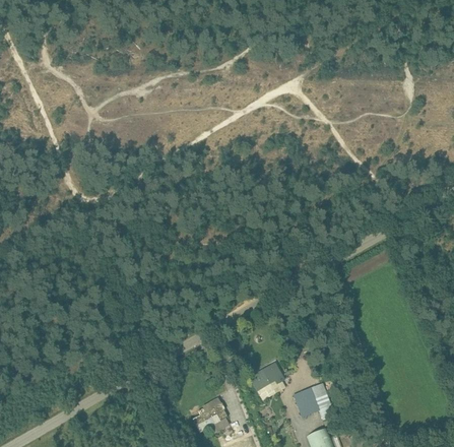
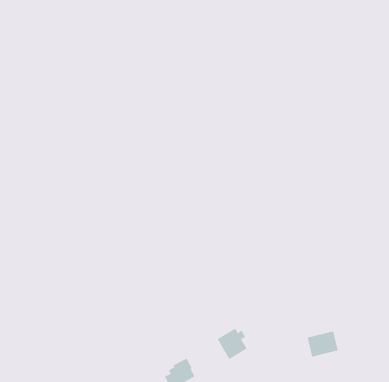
building: [295,383,329,411] -> [307,331,339,357]

